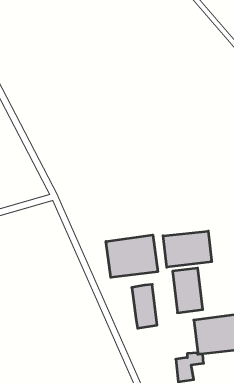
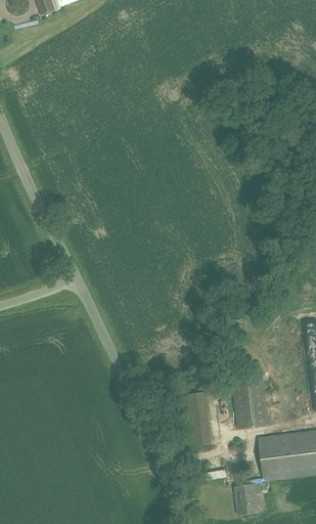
building: [163,231,212,267] -> none
building: [106,235,158,277] -> none

